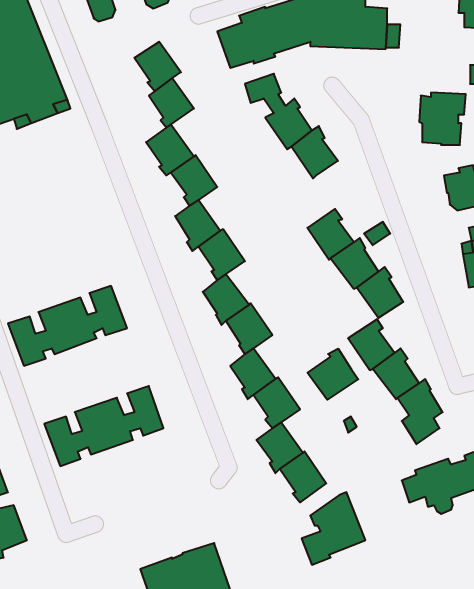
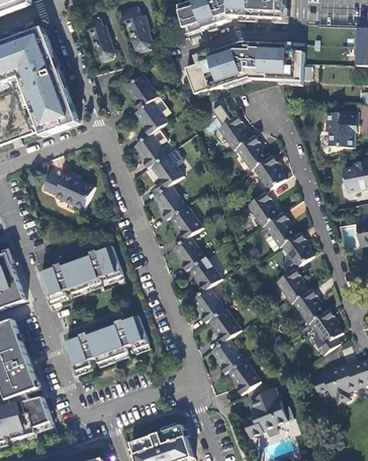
building: none -> [253,154,285,189]
building: none -> [41,172,93,208]
building: [308,349,358,400] -> none

